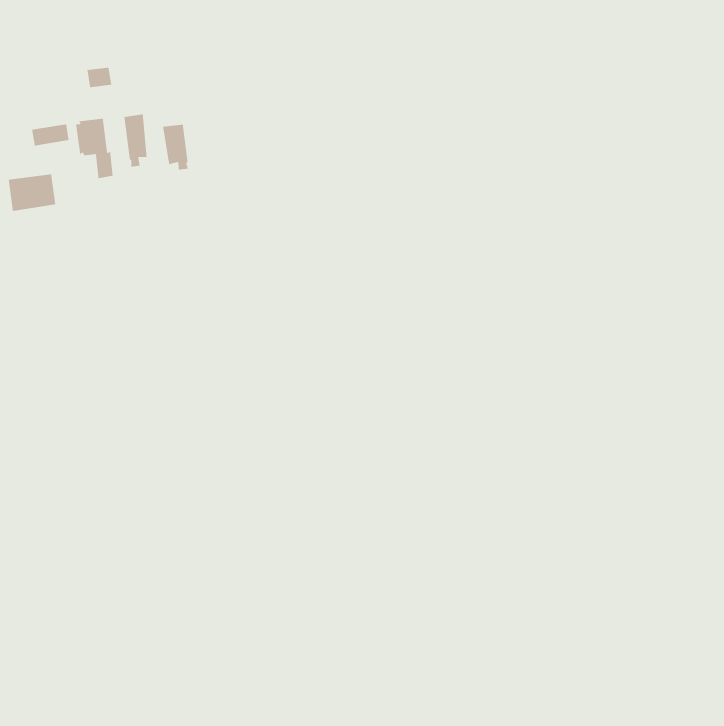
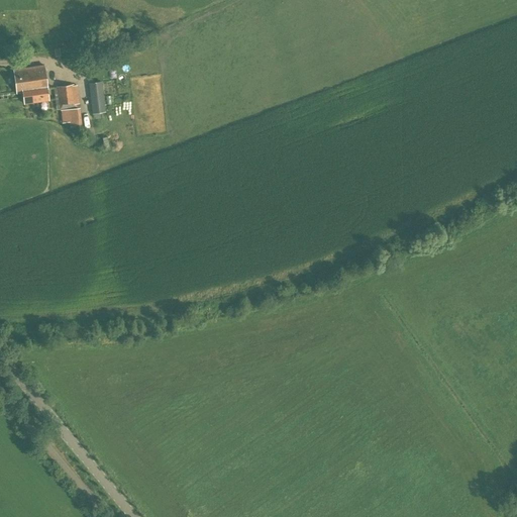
building: [162,124,189,171] -> none
building: [8,173,56,212] -> [14,66,48,93]

